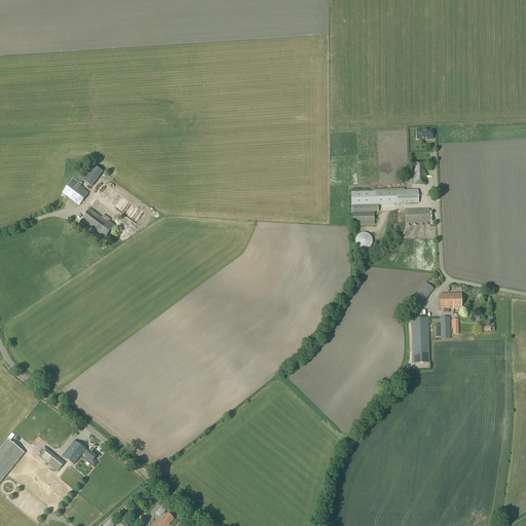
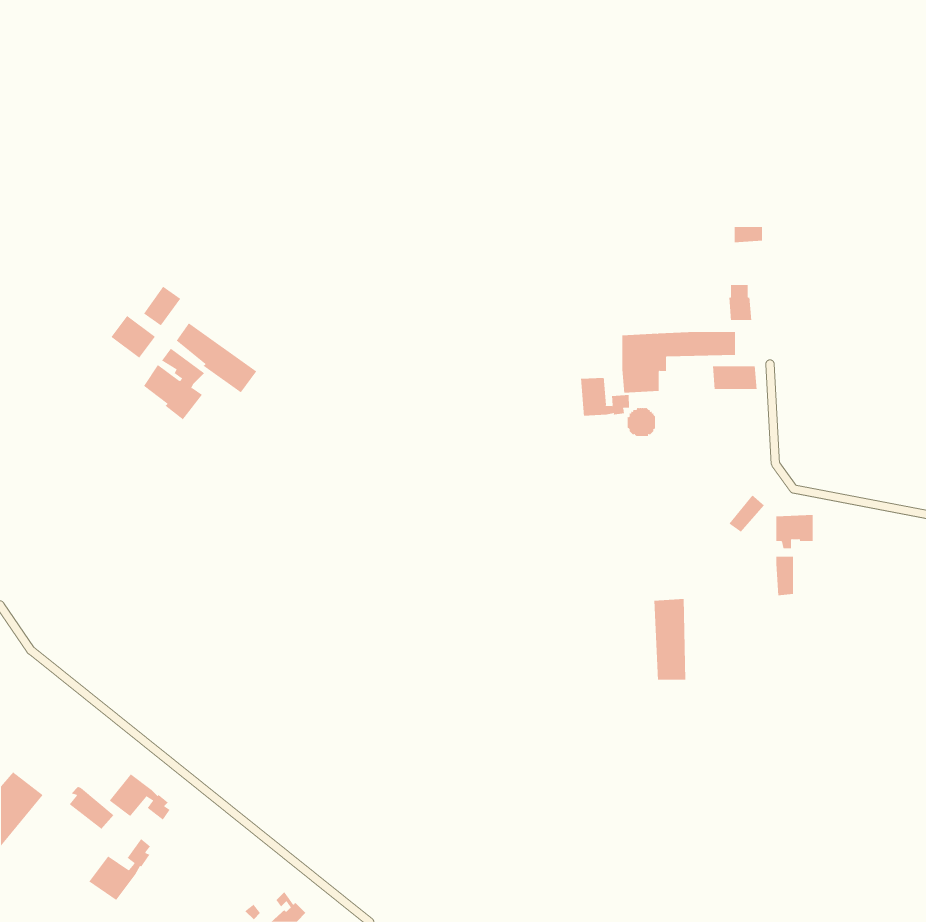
building: none -> [581,377,629,416]
building: [411,315,429,362] -> [654,599,686,680]
building: none -> [89,838,151,901]

